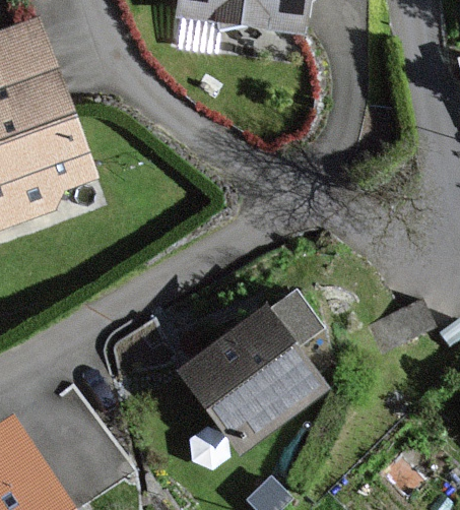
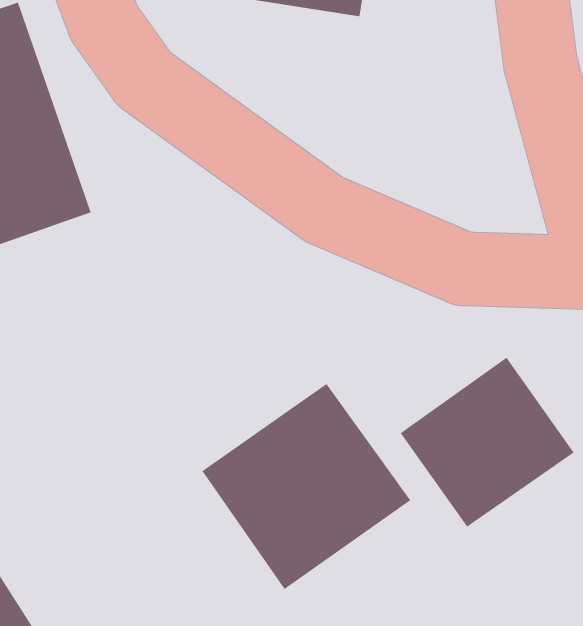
building: none -> [400,357,575,528]

